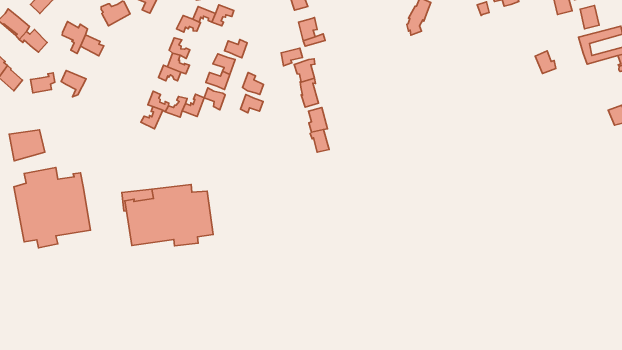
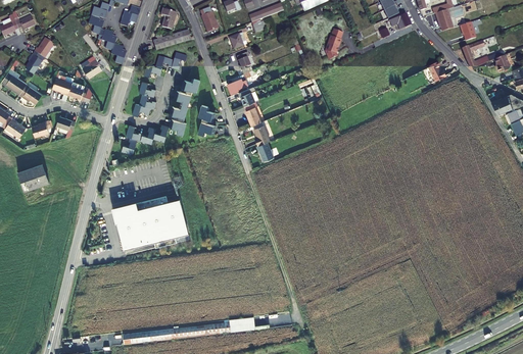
building: [14,167,90,248] -> none

